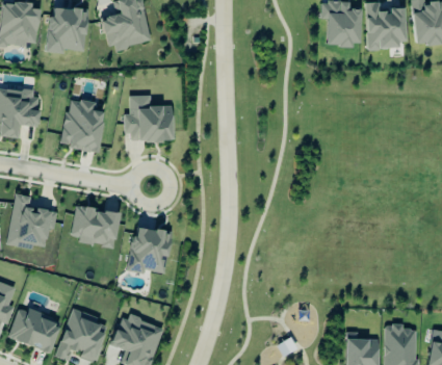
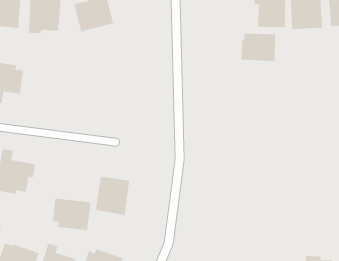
building: none -> [241,33,276,62]
building: [125,95,174,141] -> none
building: [61,98,104,152] -> none
building: [72,207,120,246] -> [52,198,91,230]

